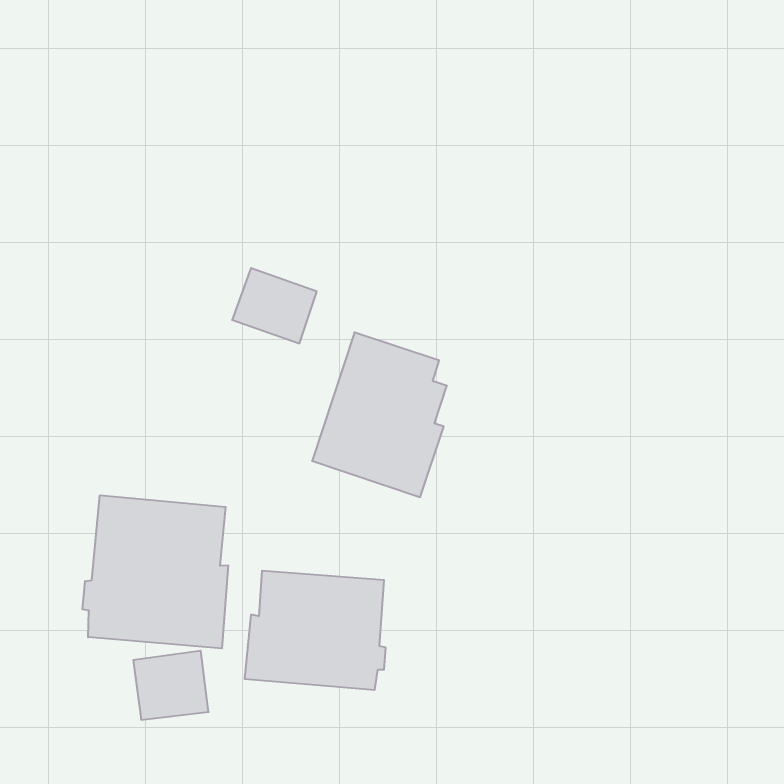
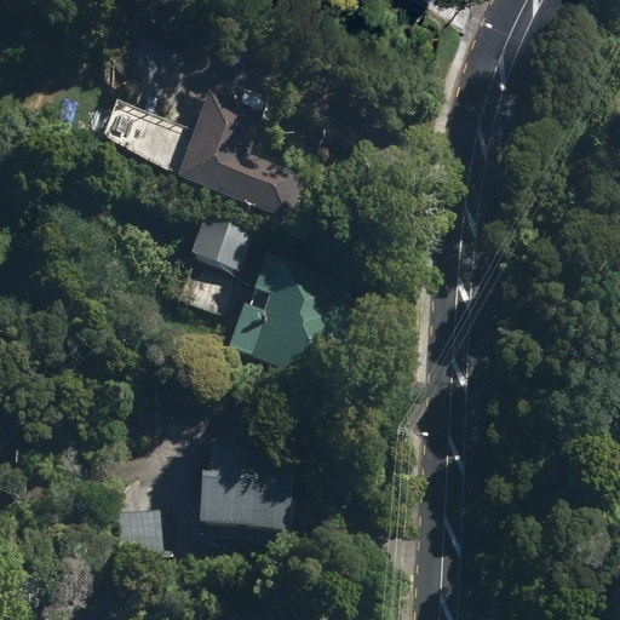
building: none -> [101,87,293,213]
building: [82,495,228,648] -> none

